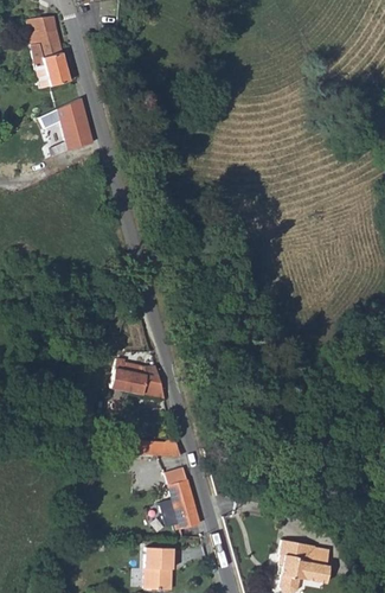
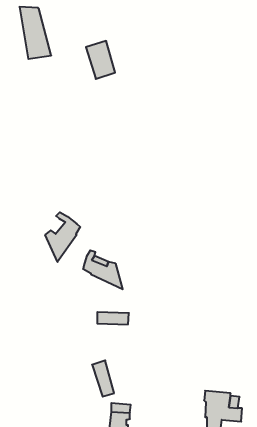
building: [52,95,91,146] -> [86,41,115,79]
building: none -> [45,212,80,262]
building: [162,470,192,518] -> [92,360,114,397]

